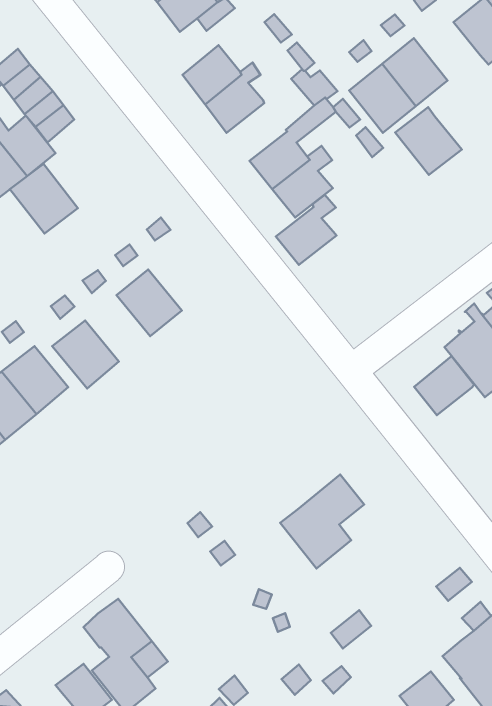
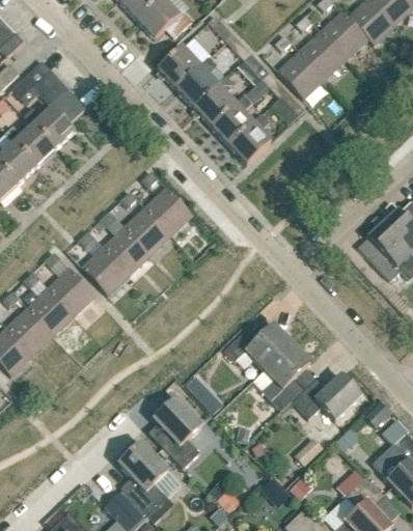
building: [395,107,462,175] -> [320,11,367,59]
building: [10,164,78,234] -> none
building: [276,195,336,265] -> [193,76,236,127]
building: none -> [145,188,193,235]
building: none -> [104,228,150,275]
building: [414,356,474,415] -> none
building: none -> [224,323,292,369]
building: none -> [292,374,361,420]
building: none -> [154,397,202,468]

